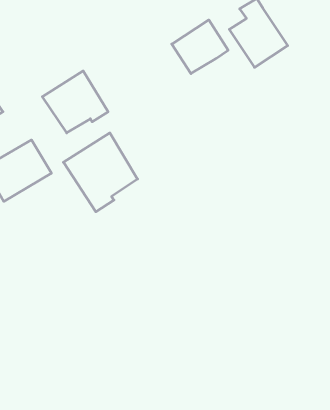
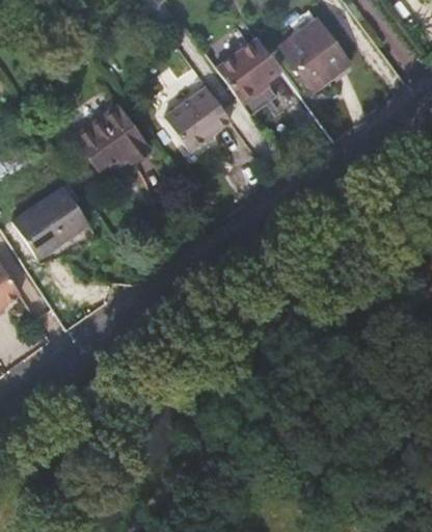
building: none -> [166,87,233,152]
building: [63,133,138,212] -> none

